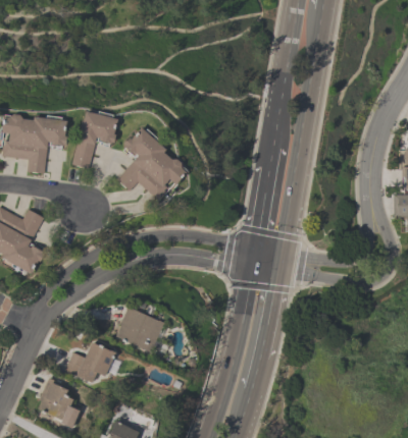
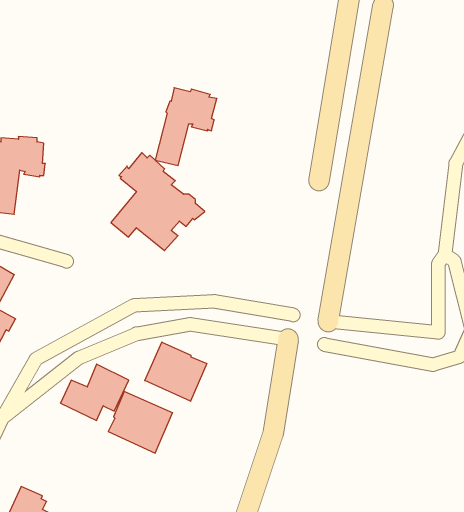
building: [71,108,118,167] -> [155,88,217,166]
building: none -> [145,342,207,401]
building: [64,341,116,384] -> [60,364,129,420]

